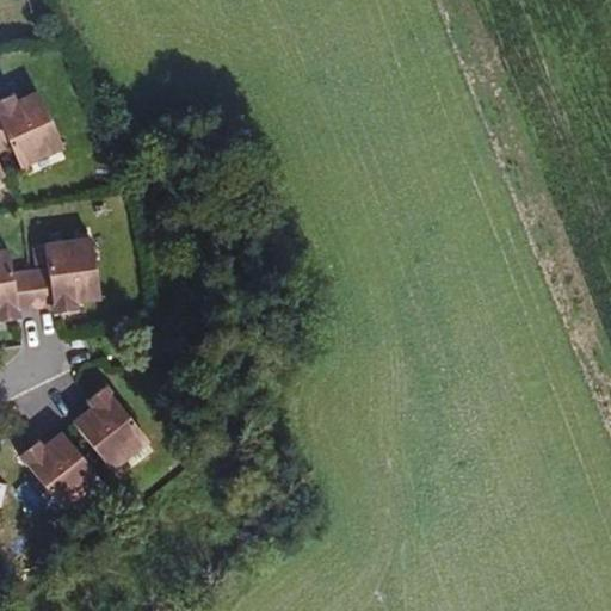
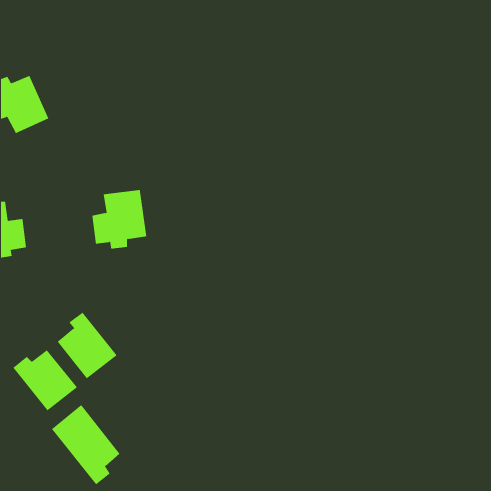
building: [30,239,99,313] -> [91,189,147,249]
building: none -> [51,404,120,485]

